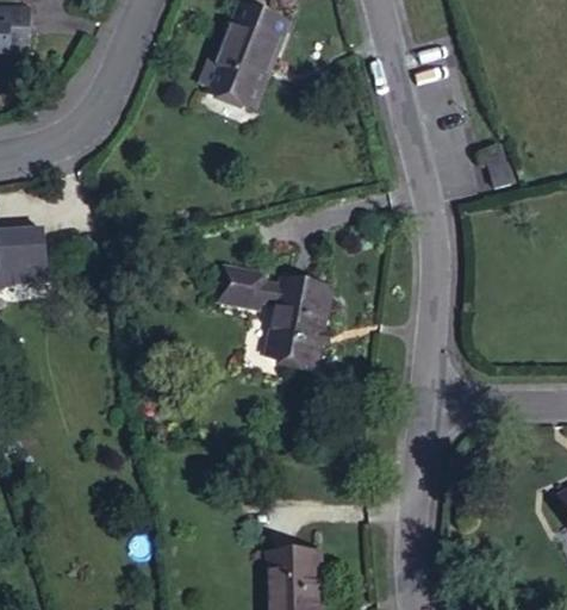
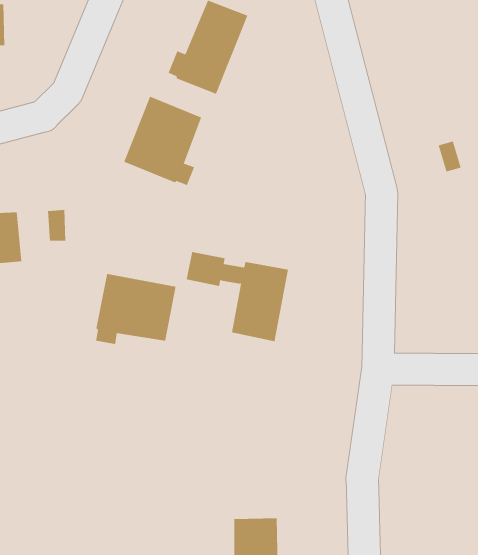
building: none -> [123,96,202,186]
building: none -> [96,273,176,345]

